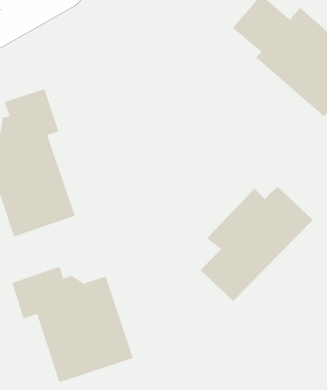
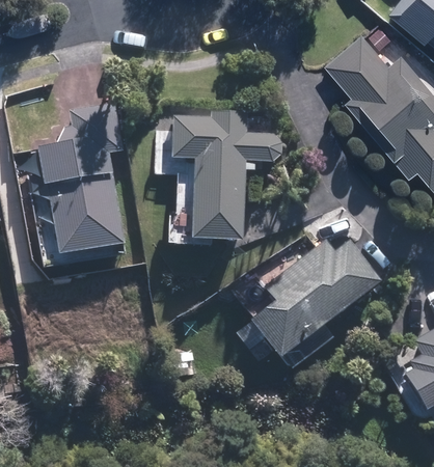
building: none -> [151,111,281,244]
building: [11,266,134,383] -> none

